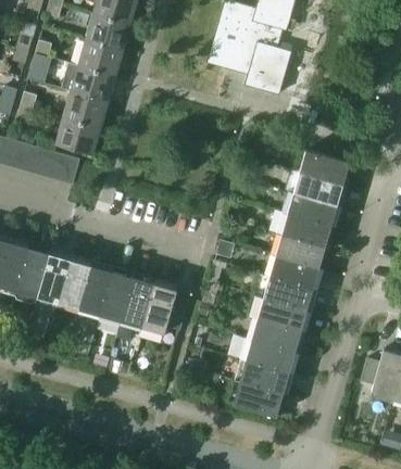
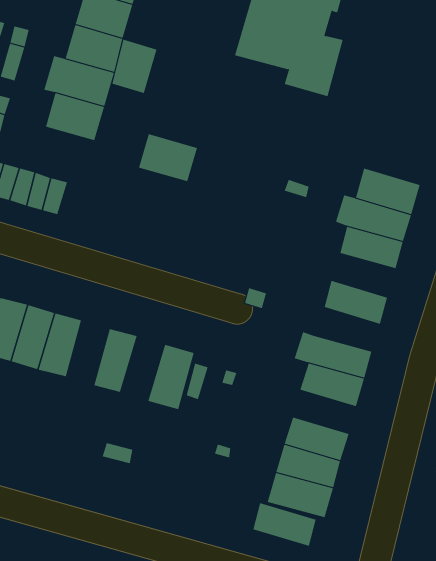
building: none -> [112,39,157,94]
building: [55,118,101,155] -> [138,134,198,182]
building: [281,215,331,249] -> none
building: [270,256,319,290] -> none
building: [79,266,112,316] -> none
building: [121,278,154,328] -> none
building: [252,319,301,353] -> [252,502,316,546]

